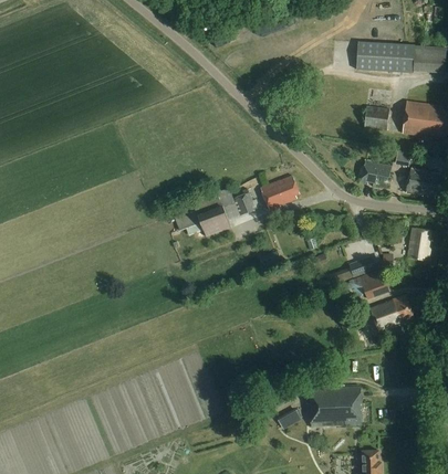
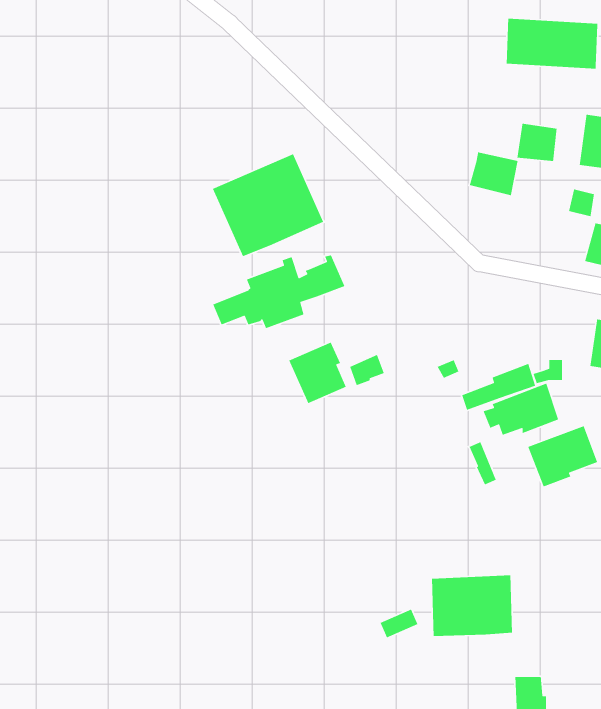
building: none -> [212,153,324,257]
building: [361,161,392,189] -> [469,152,519,196]
building: [261,176,301,210] -> none
building: none -> [288,342,347,404]

